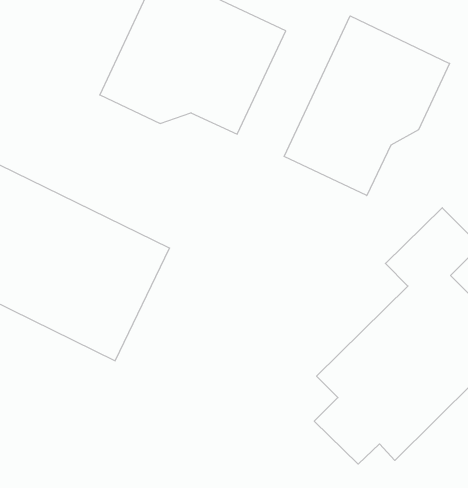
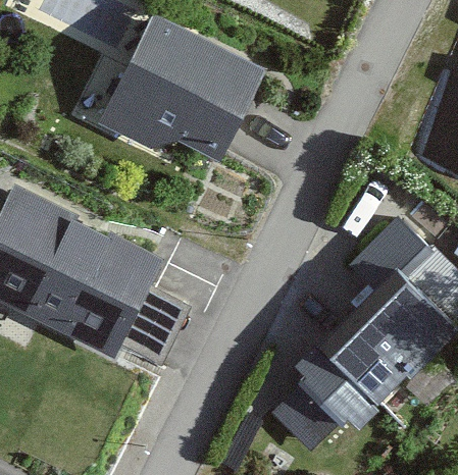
building: [284,16,450,196] -> none

